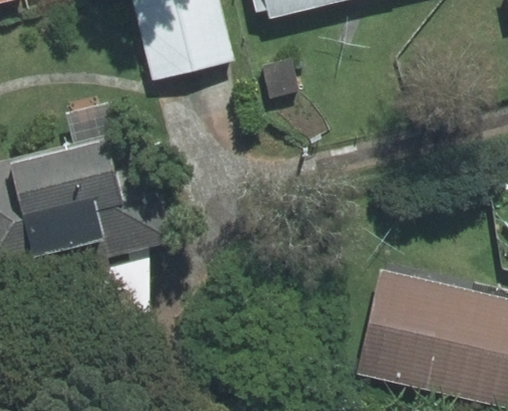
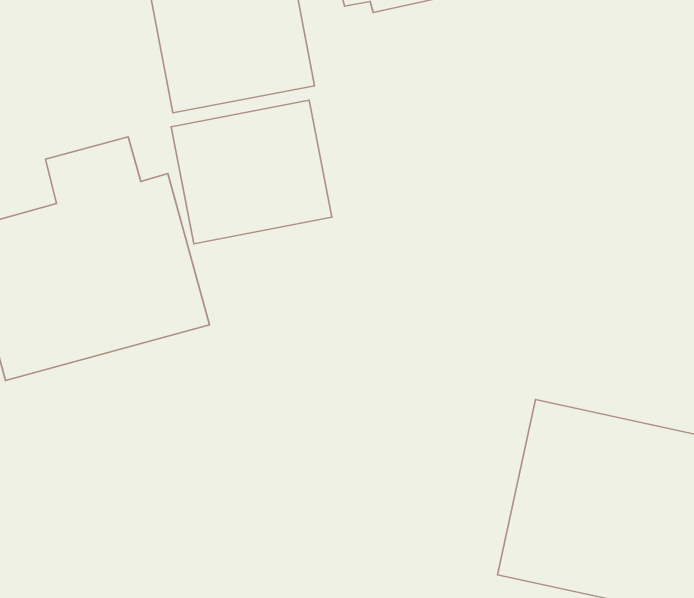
building: none -> [171,100,332,244]

